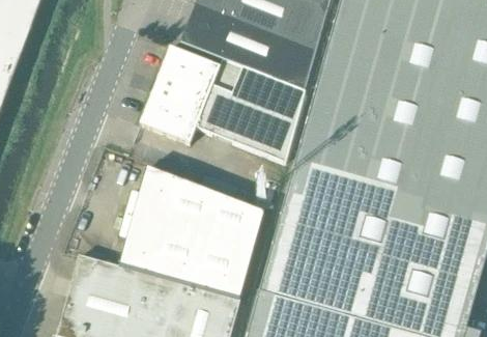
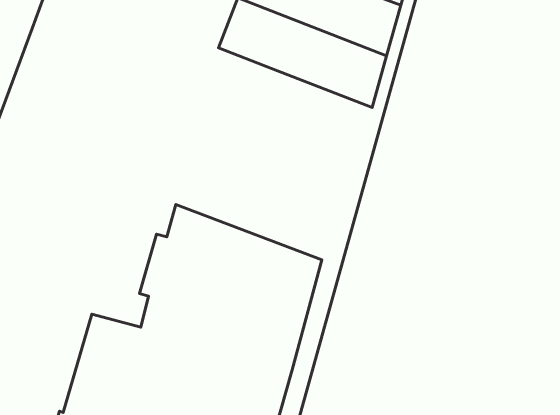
building: [140,45,306,161] -> none

